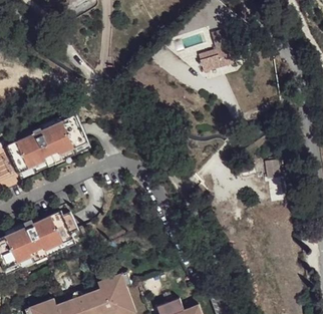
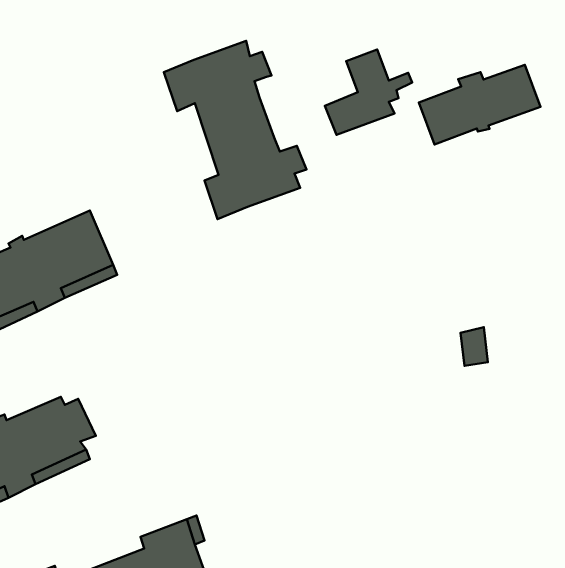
building: none -> [164,41,306,219]
building: none -> [419,65,541,144]

